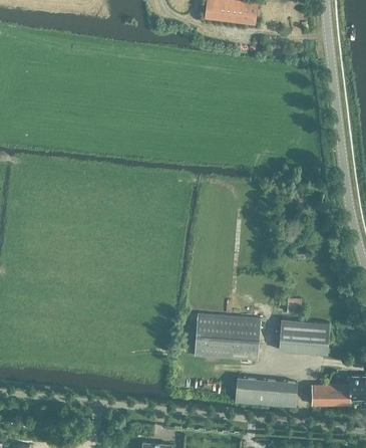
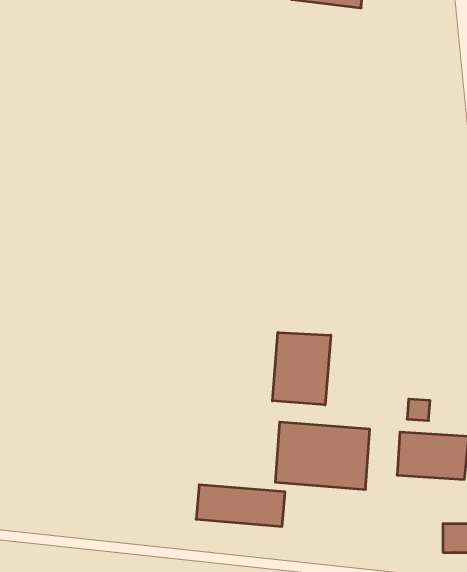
building: none -> [272,332,331,405]
building: [235,377,297,406] -> [196,485,285,526]

